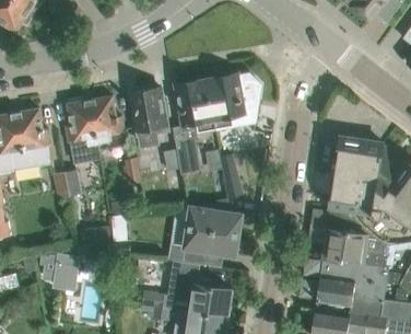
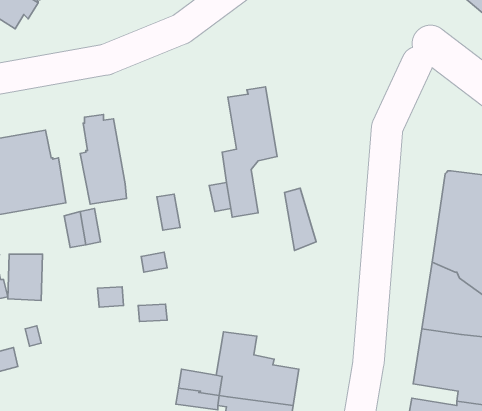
building: [204,73,260,128] -> none
building: [130,85,167,142] -> none
building: [90,95,126,149] -> none
building: [184,206,242,264] -> none
building: [52,253,79,288] -> [8,254,42,300]

